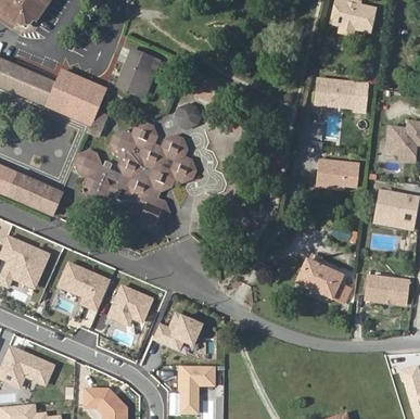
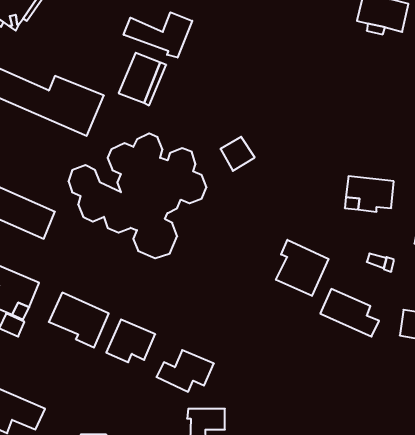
building: none -> [124,12,192,58]
building: [318,78,358,104] -> none
building: [175,99,205,129] -> [220,137,255,171]
building: none -> [276,240,329,296]

